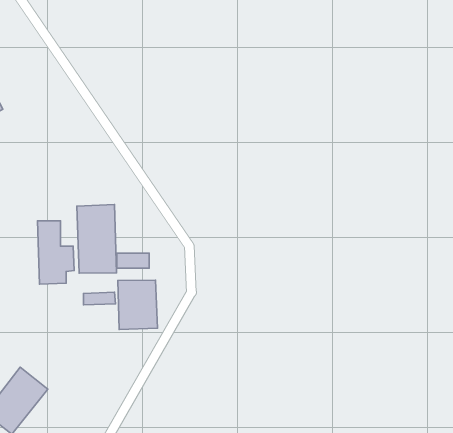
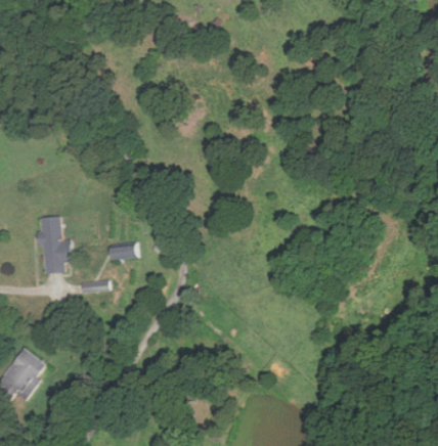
building: [77,205,116,273] -> none
building: [118,280,157,330] -> none

